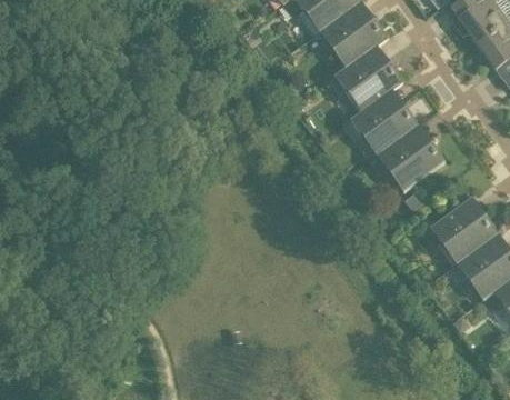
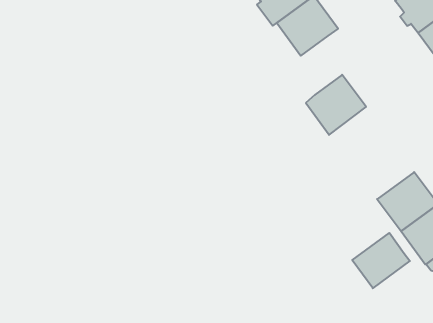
building: [336,46,402,111] -> none
building: [377,124,444,191] -> none
building: none -> [352,233,410,288]

